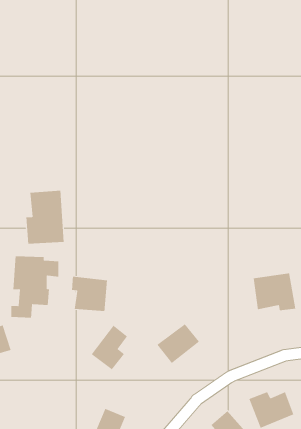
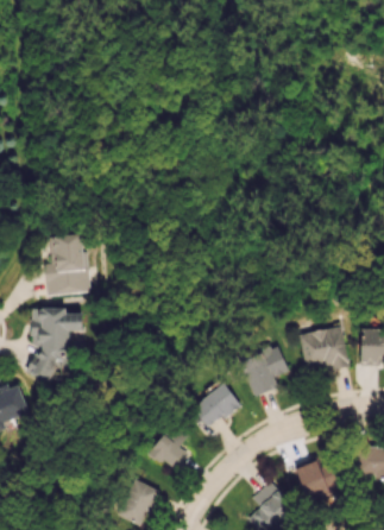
building: [72,276,107,312] -> none
building: none -> [239,346,288,397]
building: [91,325,128,370] -> [149,419,190,471]

